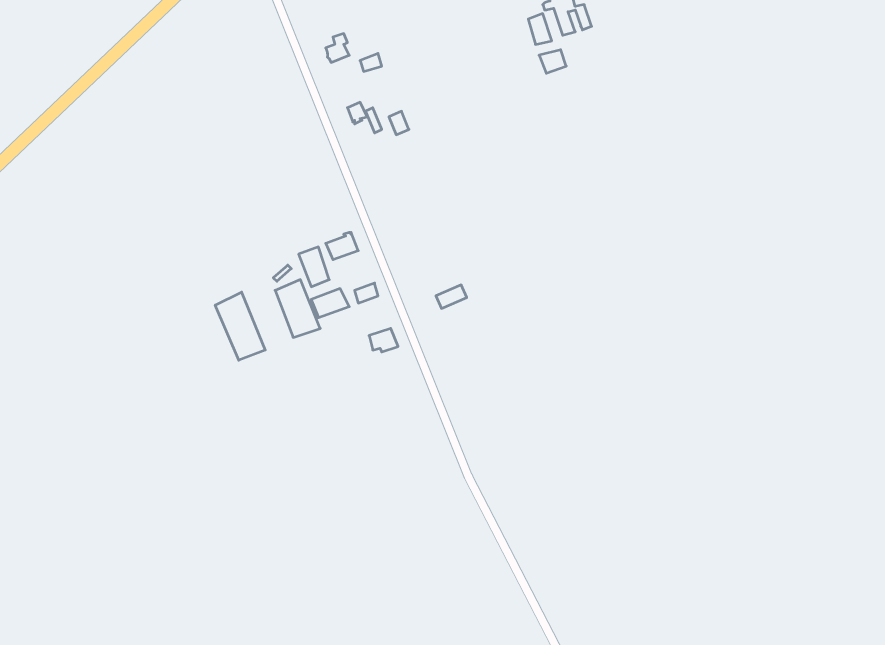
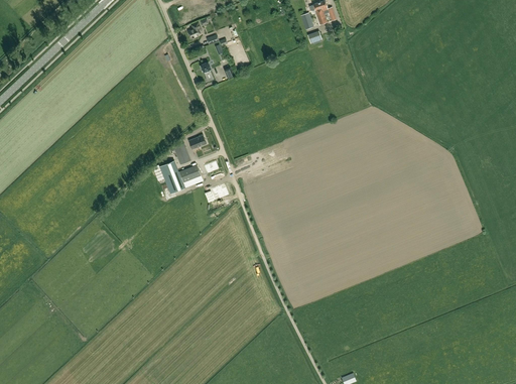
building: [215,292,265,360] -> none

